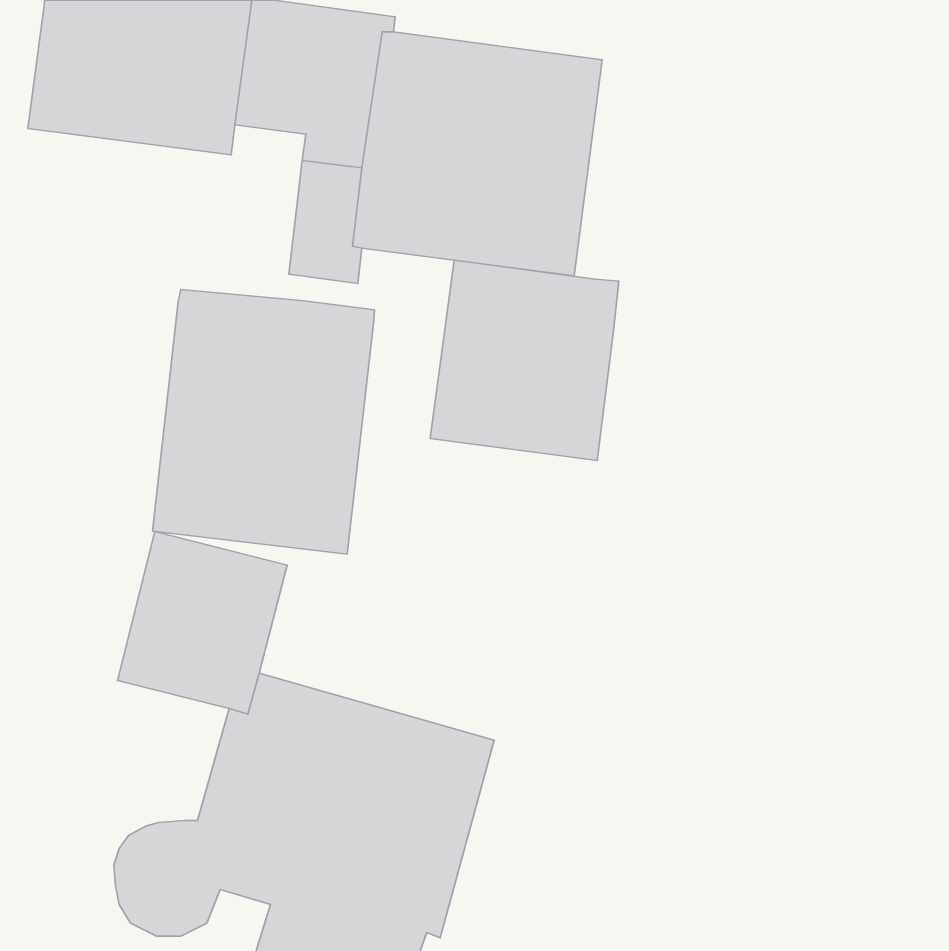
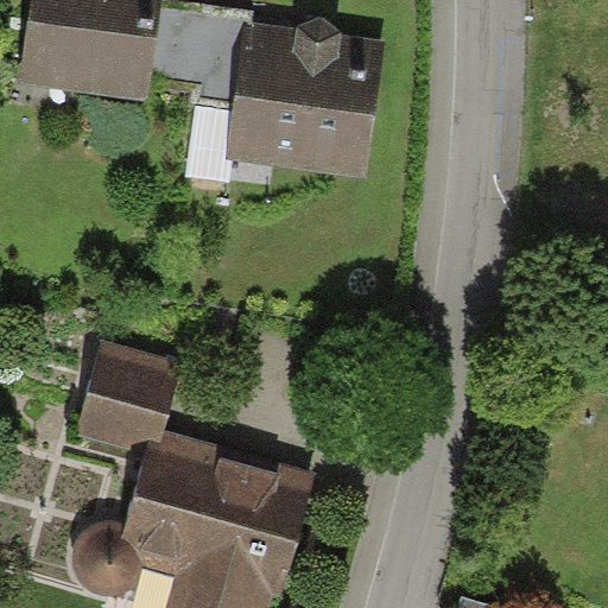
building: [430,260,619,461] -> none
building: [152,290,375,554] -> none

